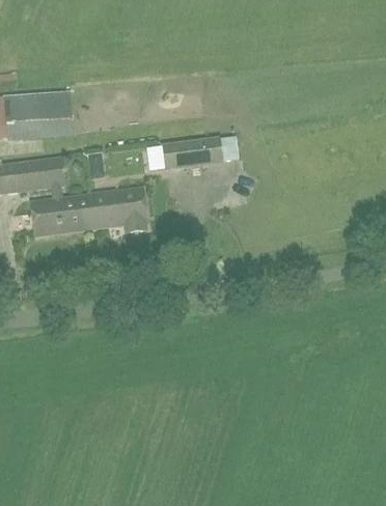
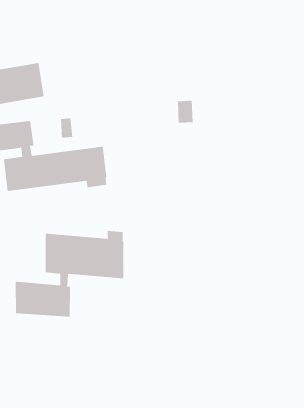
building: [163,138,221,167] -> none
building: none -> [15,230,124,318]

